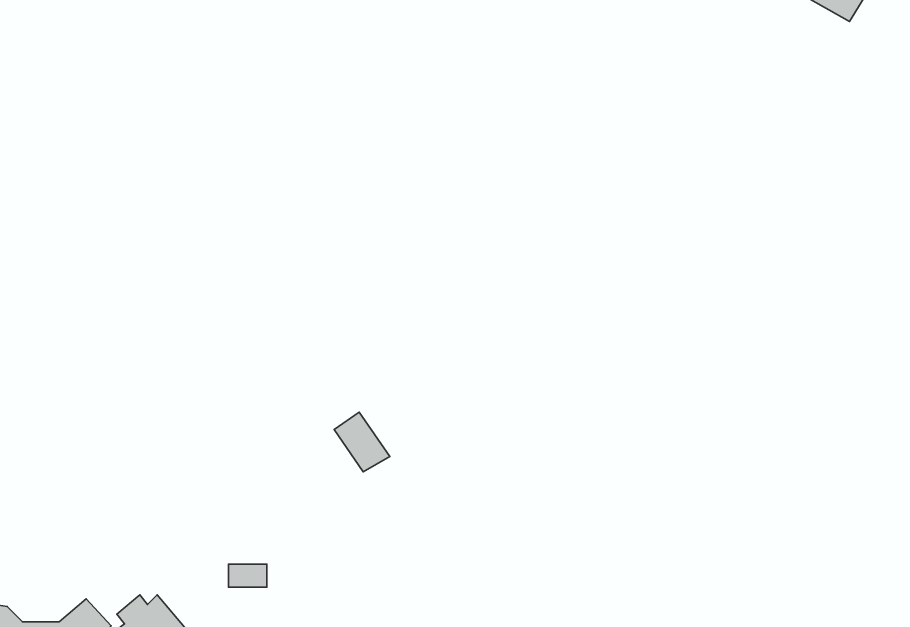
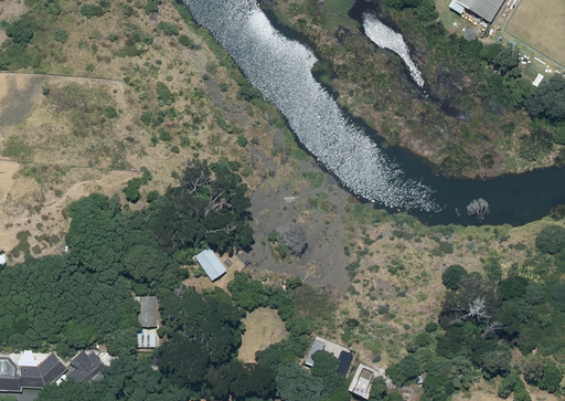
building: none -> [138,296,157,327]

